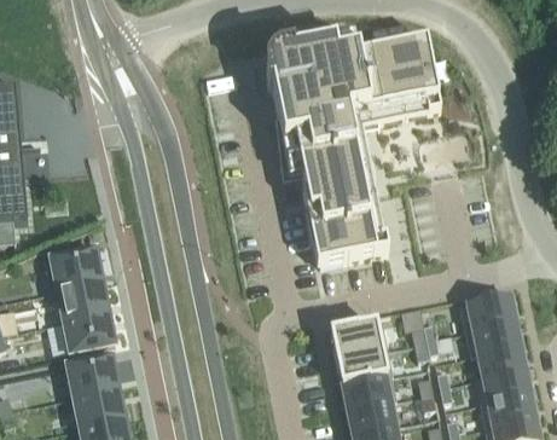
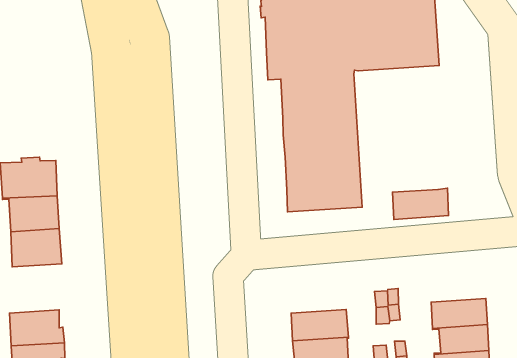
building: [460,291,516,328] -> [393,188,449,219]
building: [331,319,387,357] -> none
building: [66,352,118,394] -> none

